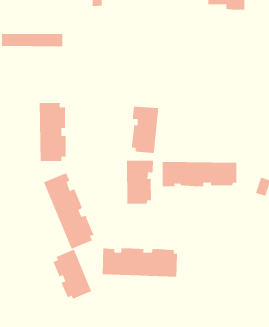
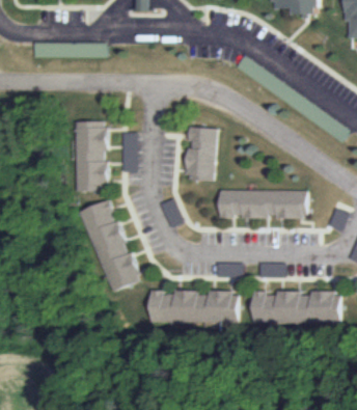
building: [126,160,153,204] -> none
building: none -> [251,291,337,321]
building: [53,249,92,300] -> none

